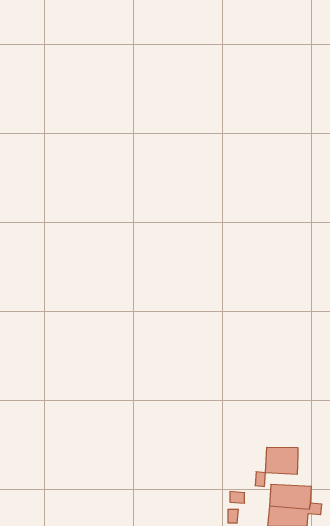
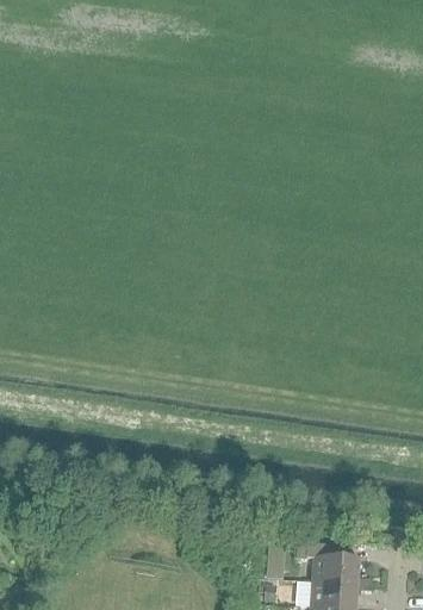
building: [265,447,298,474] -> none

